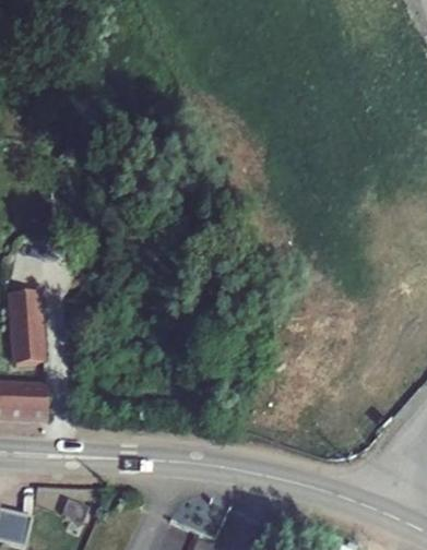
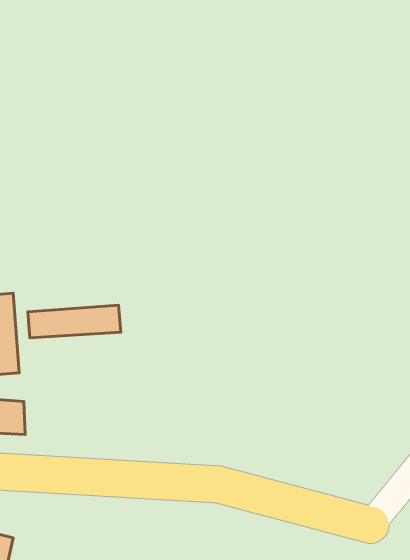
building: none -> [28,305,121,338]

